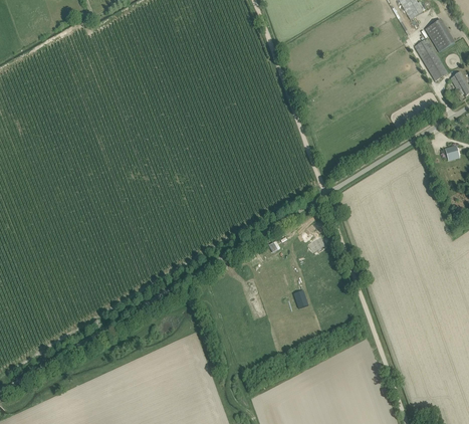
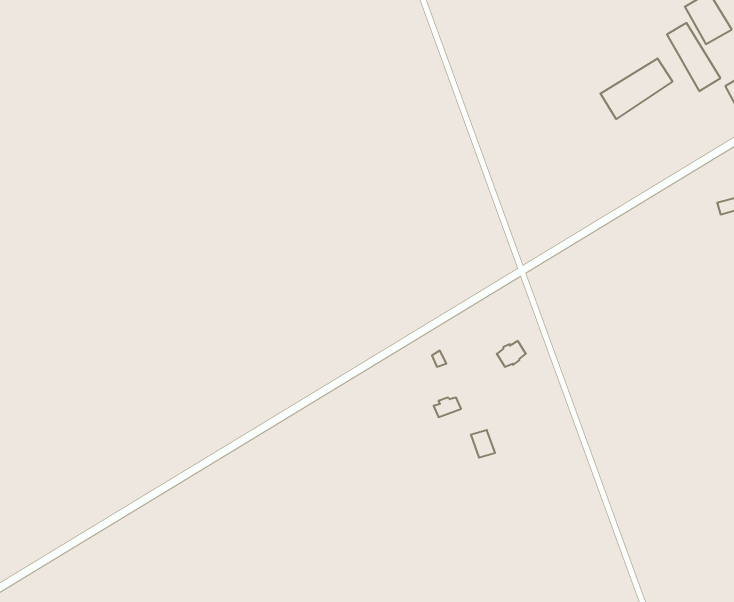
building: none -> [600,58,672,119]

